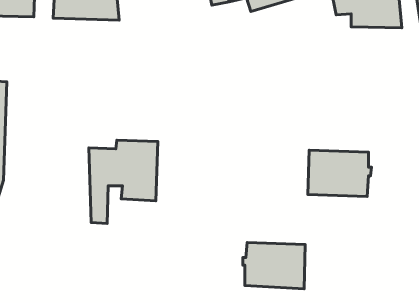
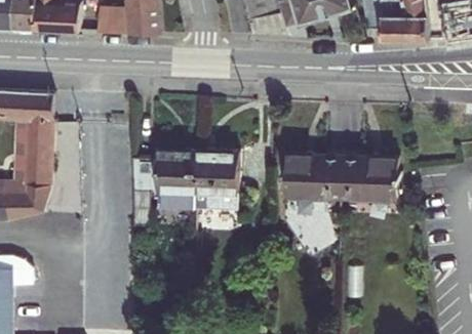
building: none -> [195,150,238,207]
building: [243,242,305,289] -> [281,156,341,200]

